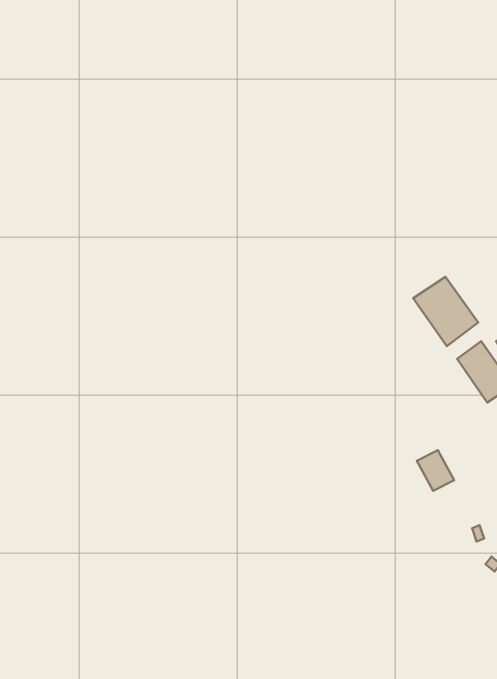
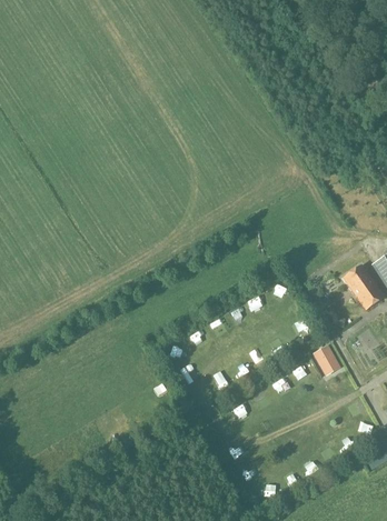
building: [413,277,478,346] -> none

